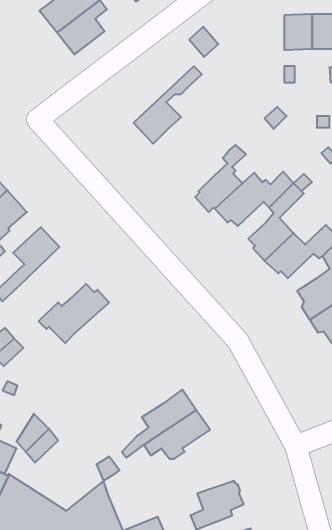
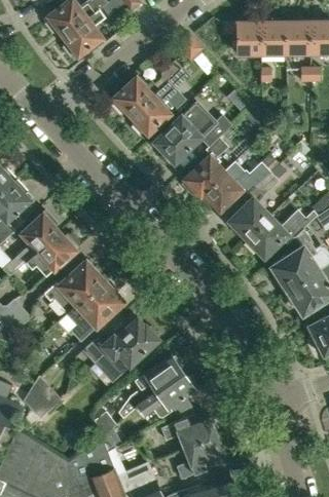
building: none -> [223,24,261,54]
building: none -> [111,63,181,119]
building: none -> [154,103,233,163]
building: none -> [26,229,79,277]
building: none -> [72,278,123,341]
building: none -> [84,319,158,376]
building: none -> [161,415,217,448]

